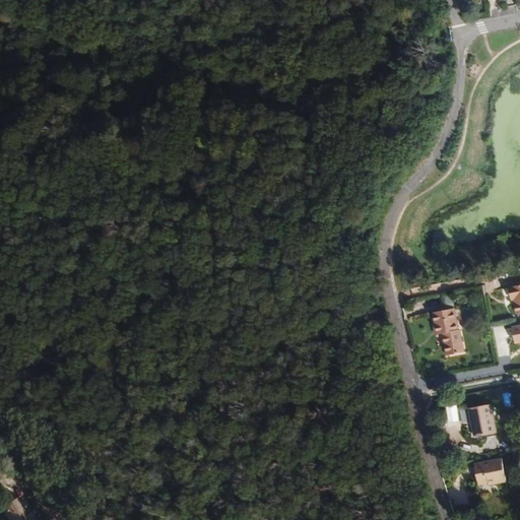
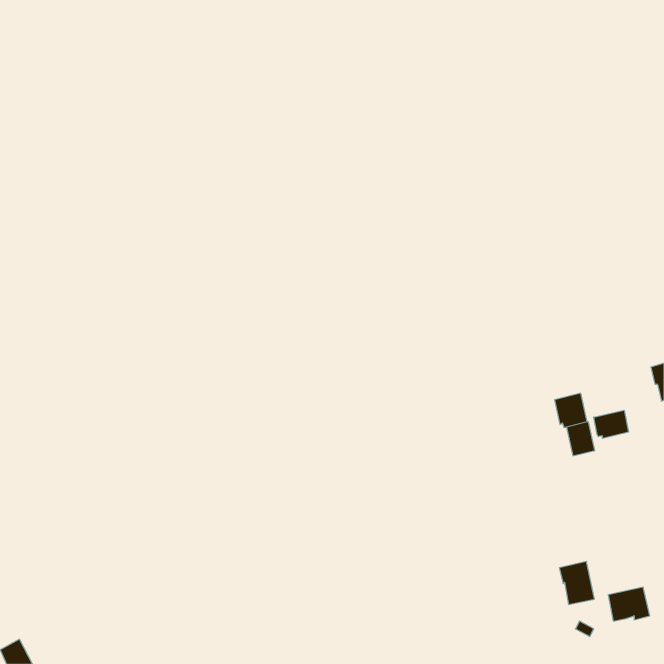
building: none -> [594,410,628,438]
building: [468,403,496,437] -> [559,561,594,604]

